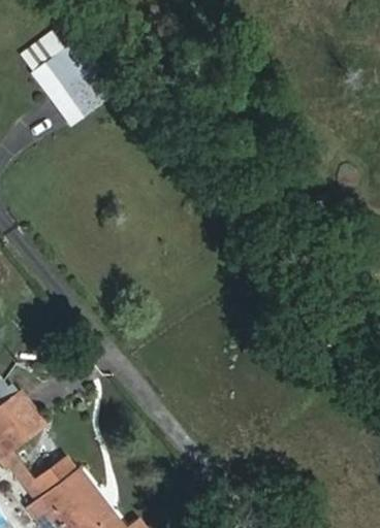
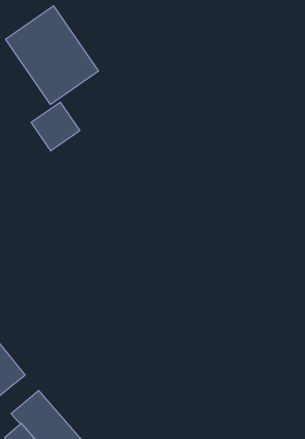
building: none -> [31,102,80,151]

